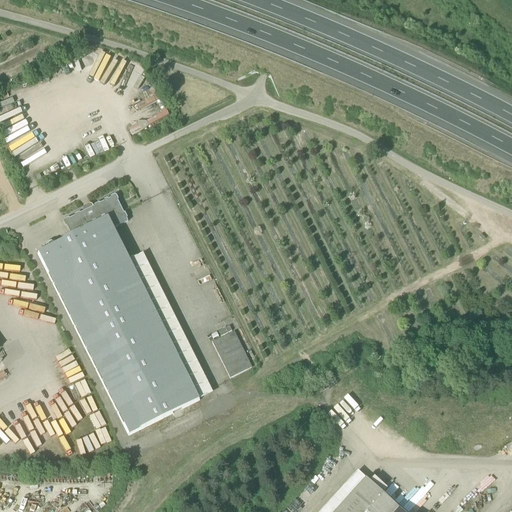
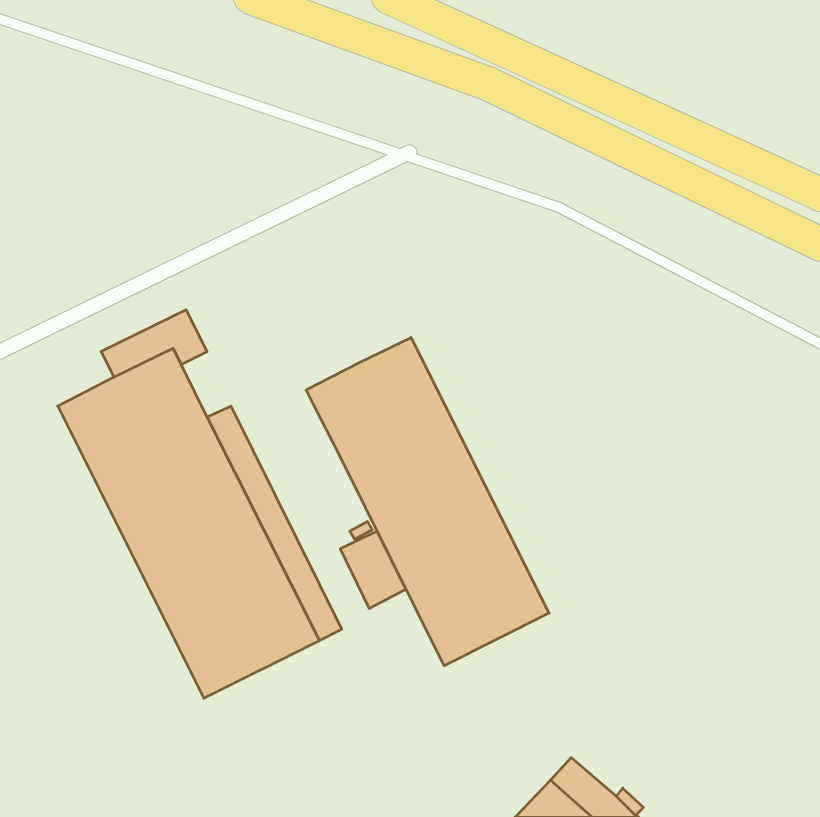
building: none -> [306,337,549,666]

